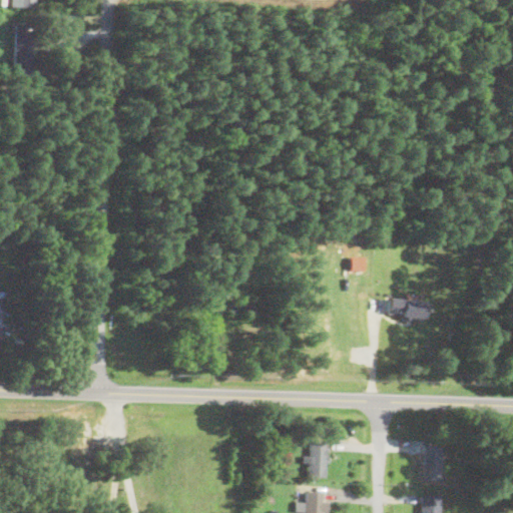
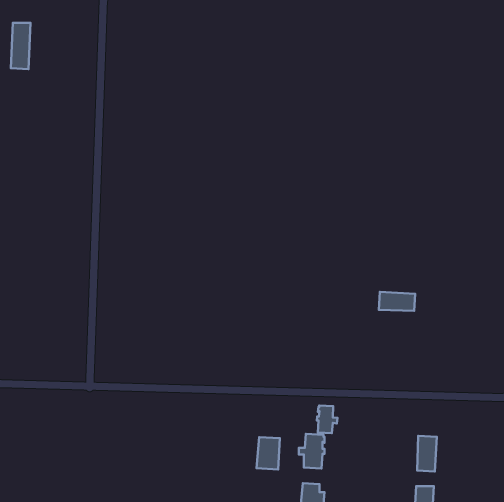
building: none -> [317,405,337,433]
building: none -> [256,437,280,469]

